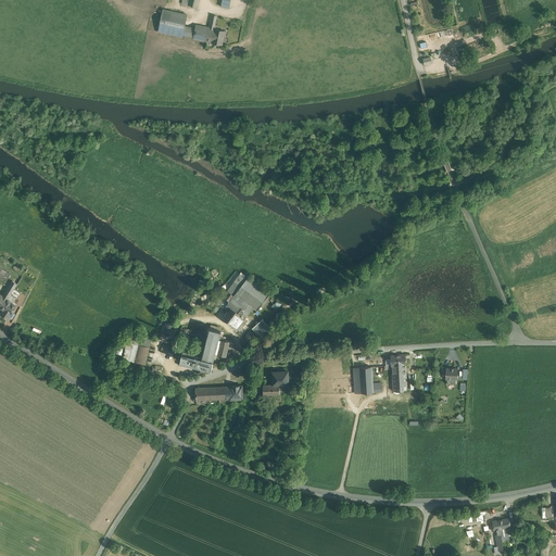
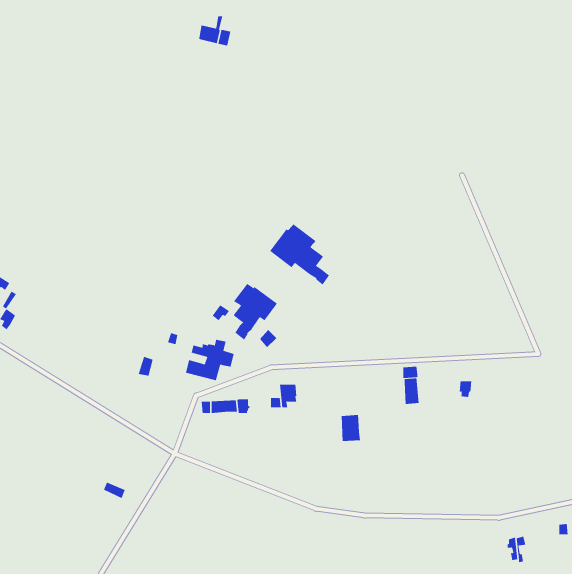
building: [157,9,194,37] -> none
building: none -> [269,223,330,286]
building: [353,367,372,393] -> [341,415,361,442]

